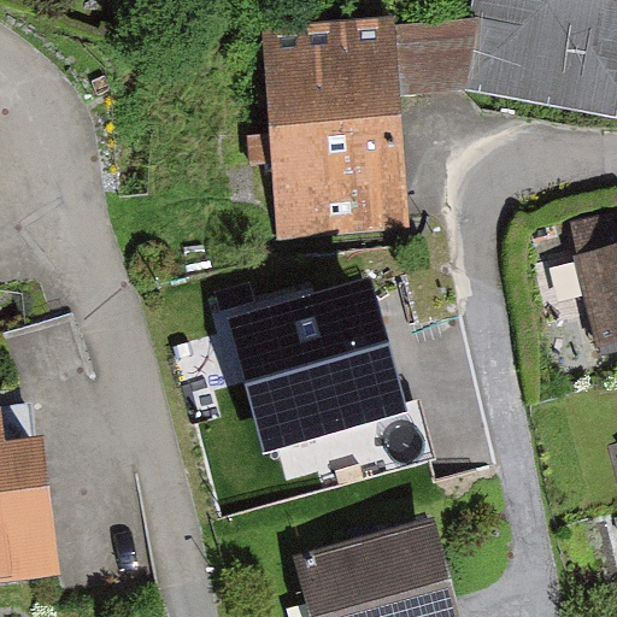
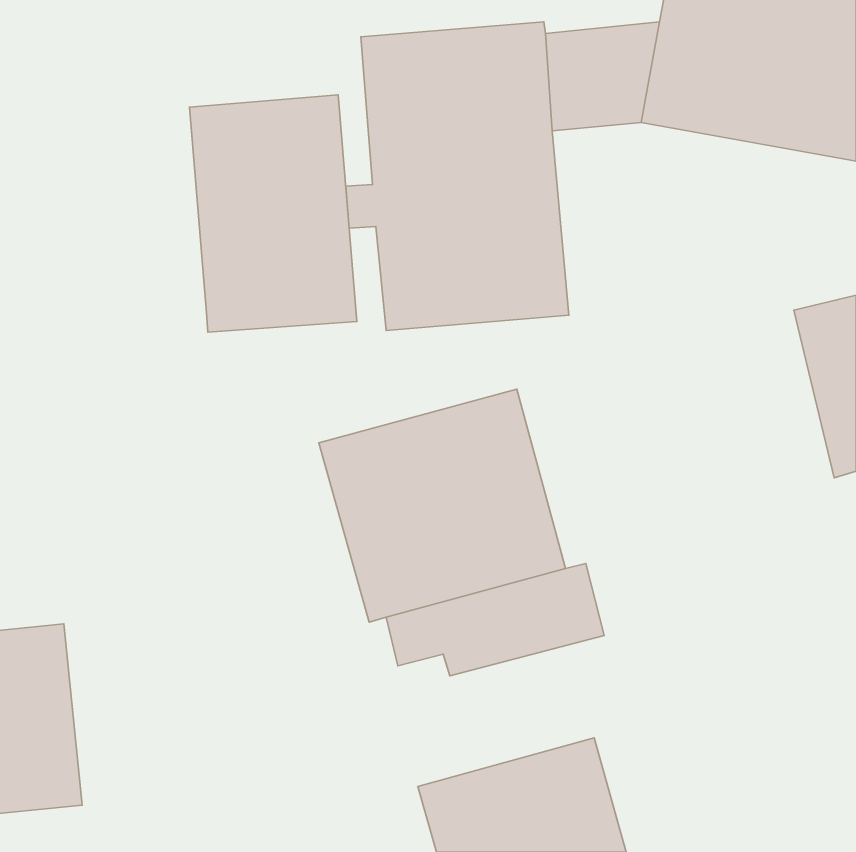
building: none -> [189,95,357,332]

